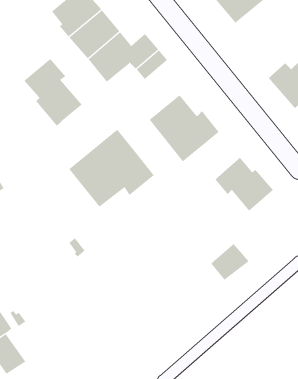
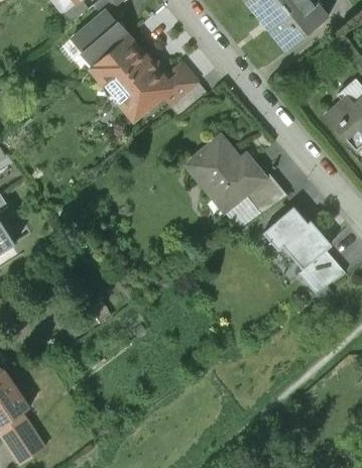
building: [24,58,82,127] -> none
building: [68,129,154,207] -> none
building: none -> [246,176,286,213]
building: [210,243,249,280] -> [298,250,344,294]

